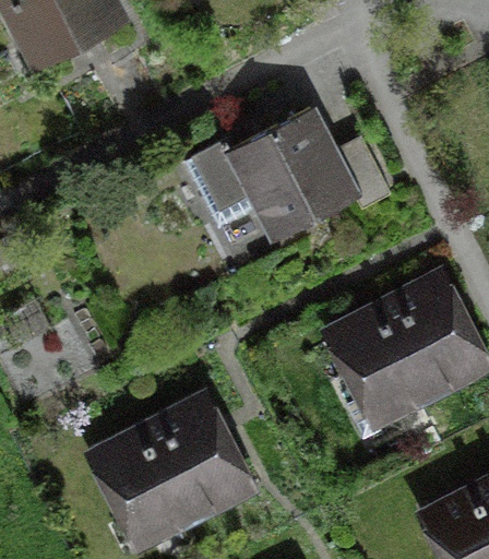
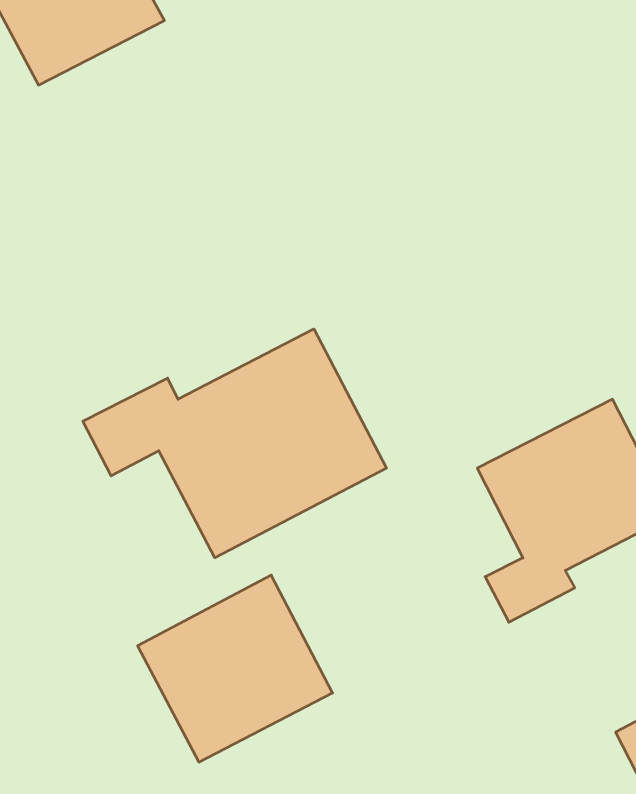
building: [183,108,391,236] -> none
building: none -> [83,329,386,558]

